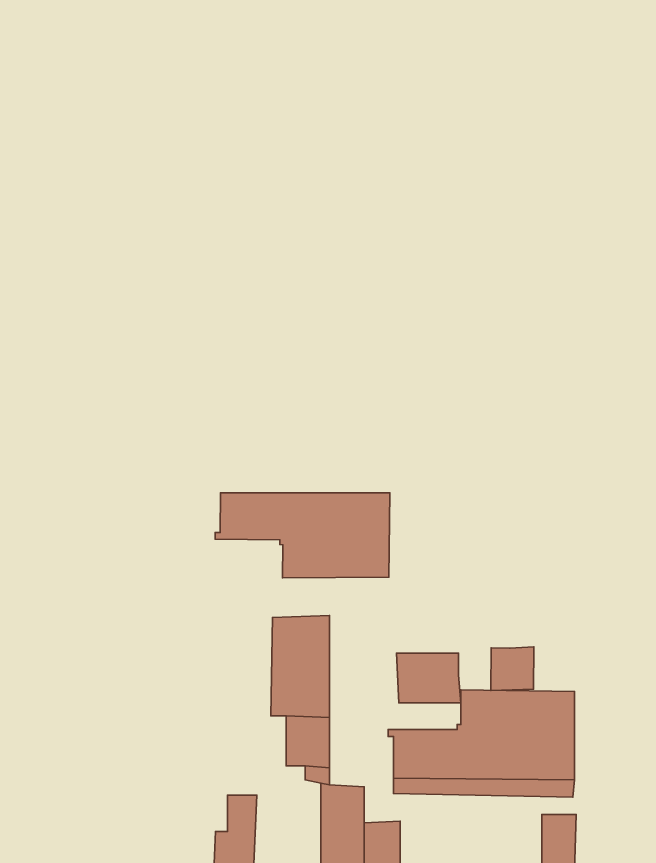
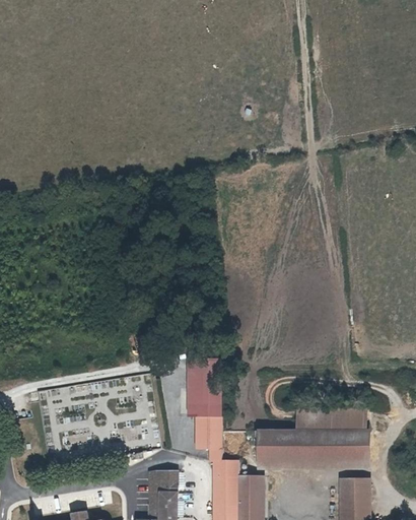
building: [215,493,390,578] -> none
building: [491,647,534,690] -> none
building: [397,653,461,703] -> none

